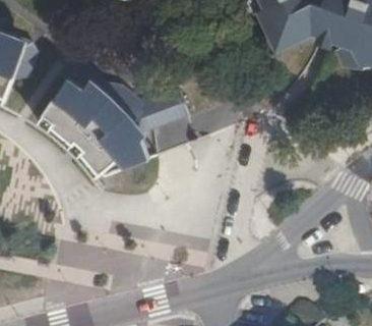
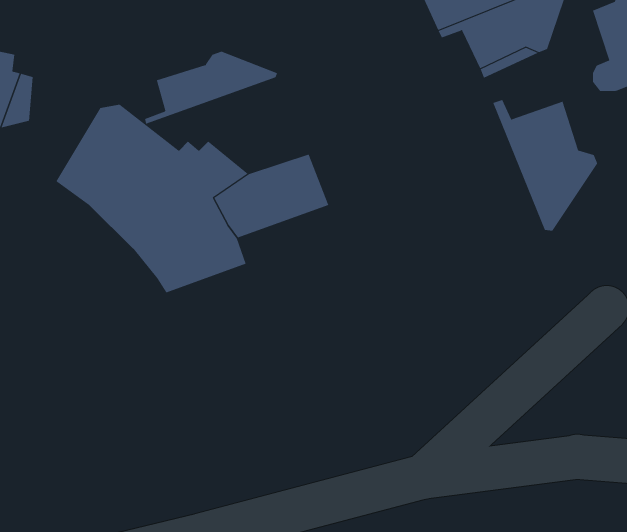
building: none -> [145,51,278,125]
building: none -> [493,99,598,231]

